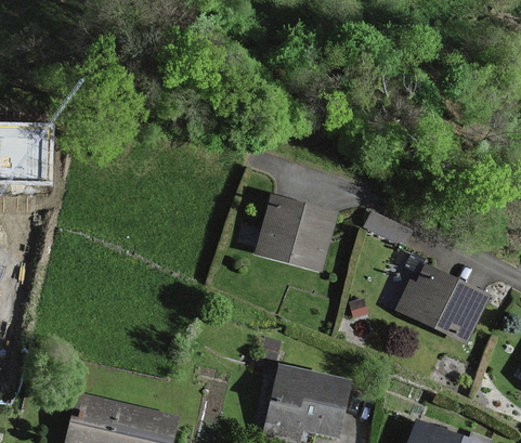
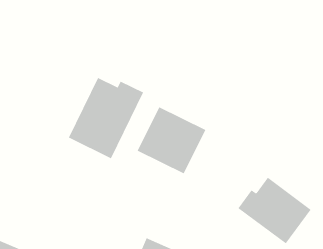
building: none -> [68,77,144,159]

